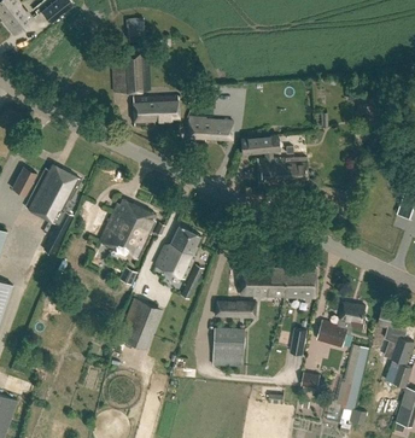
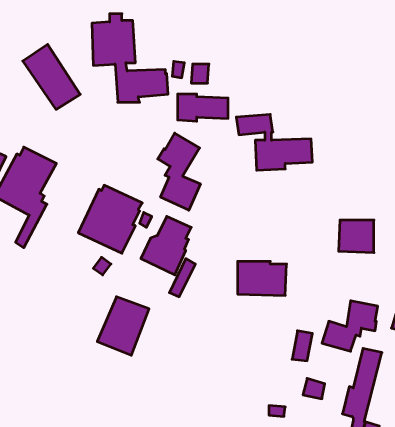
building: none -> [23,44,80,109]
building: none -> [158,133,200,210]
building: [284,268,315,297] -> [339,220,374,253]
building: [212,299,256,366] -> none

